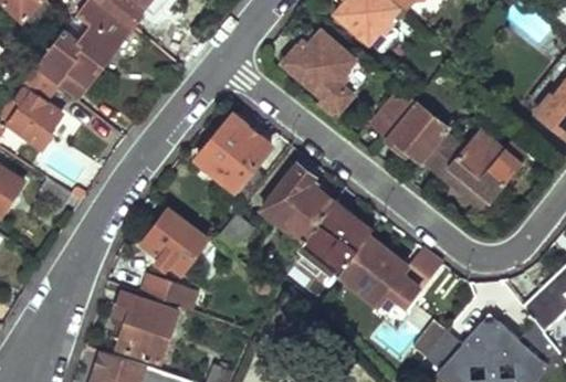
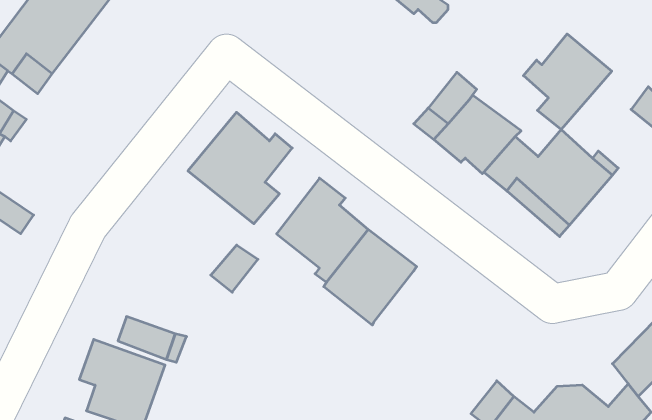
building: [284,32,356,114] -> none
building: none -> [523,34,612,129]
building: [146,209,205,270] -> none
building: [338,236,443,307] -> none

